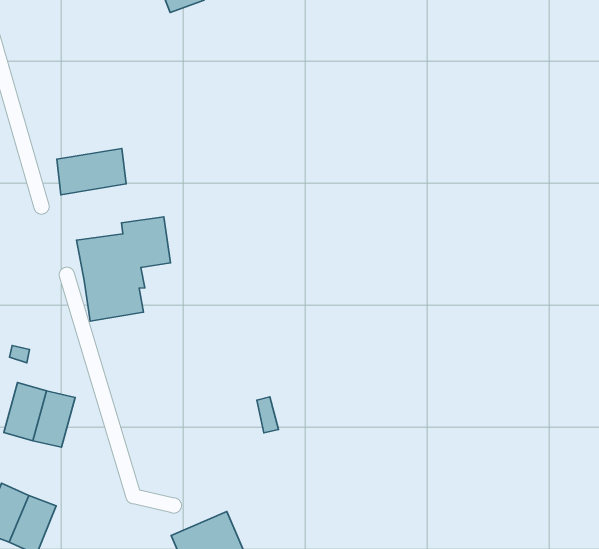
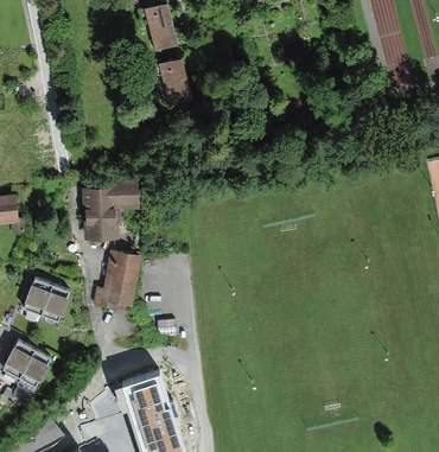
building: none -> [157,61,191,104]
building: [57,148,126,195] -> none
building: none -> [91,249,140,311]

